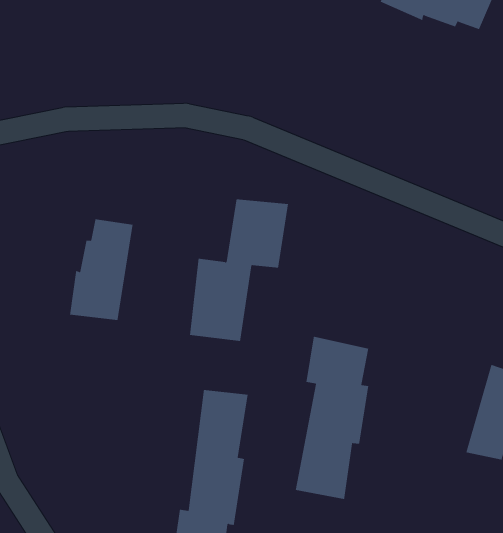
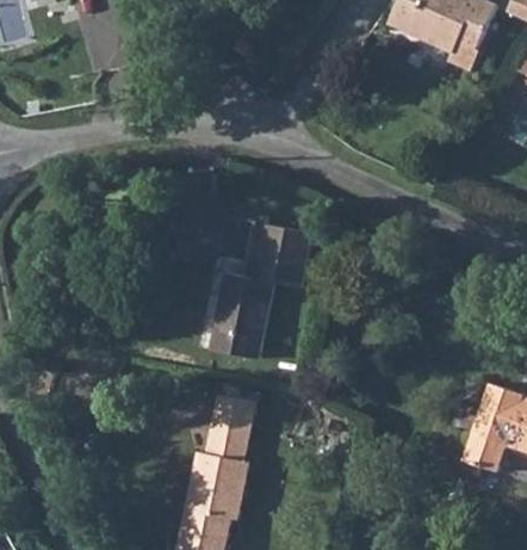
building: [70,219,133,321] -> none
building: [295,336,369,500] -> none

